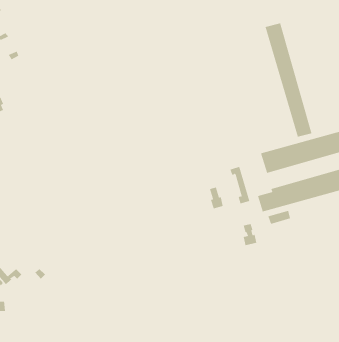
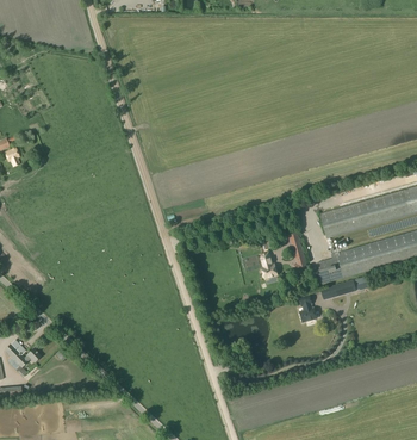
building: [265,22,312,138] -> none

